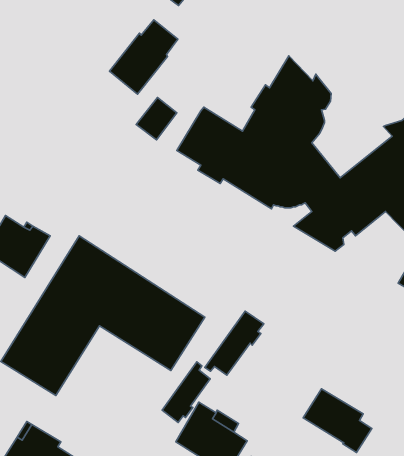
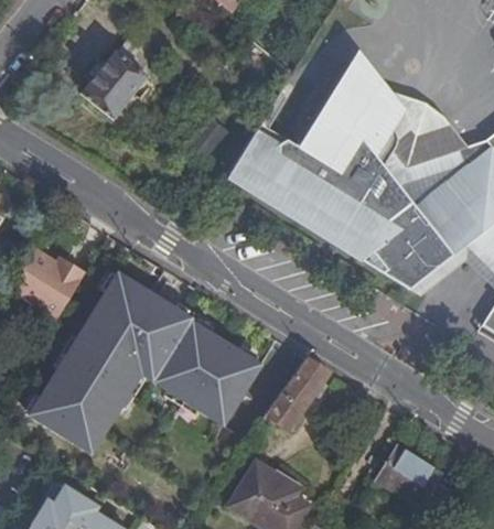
building: [109,20,178,94] -> [80,35,159,120]
building: none -> [384,93,475,206]
building: [162,362,210,423] -> none

